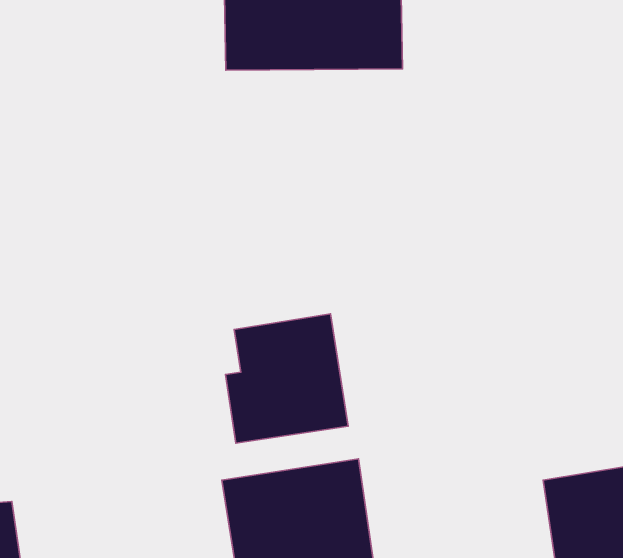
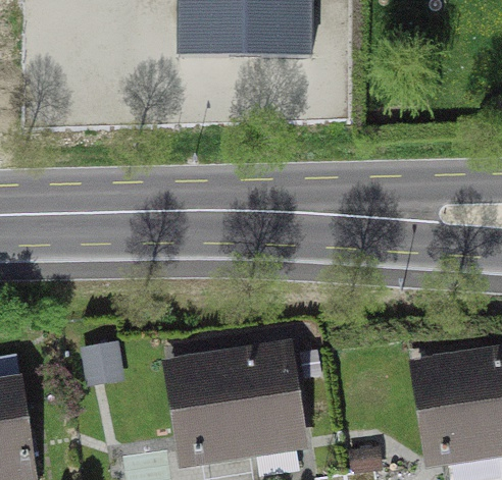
building: [226,314,348,443] -> none

